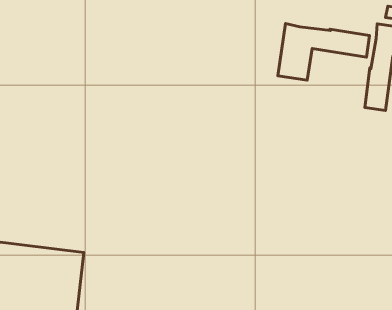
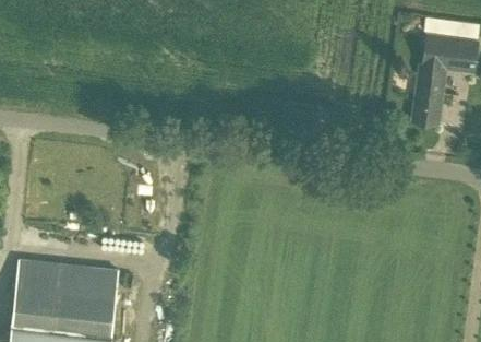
building: [278,24,370,80] -> none

